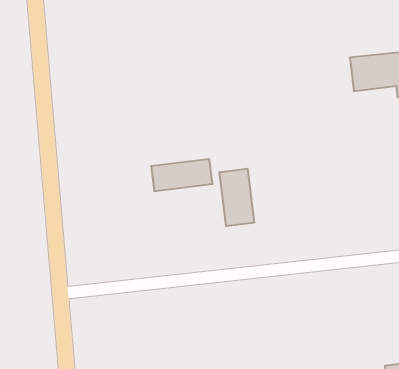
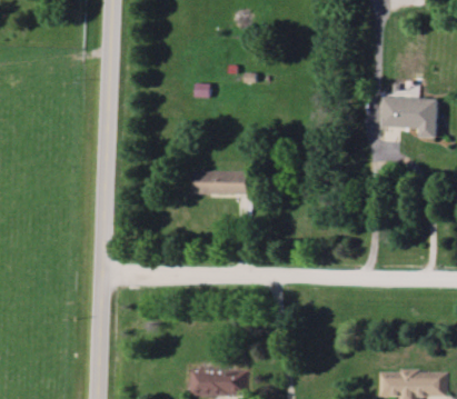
building: [220,169,254,226] -> none

